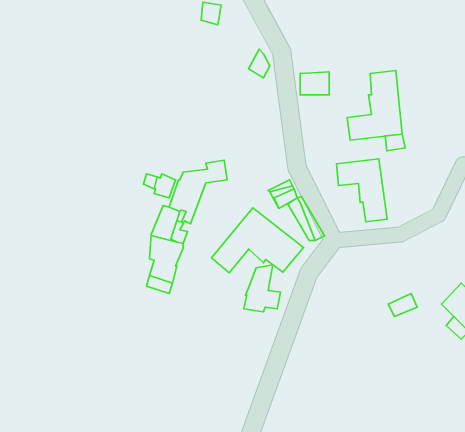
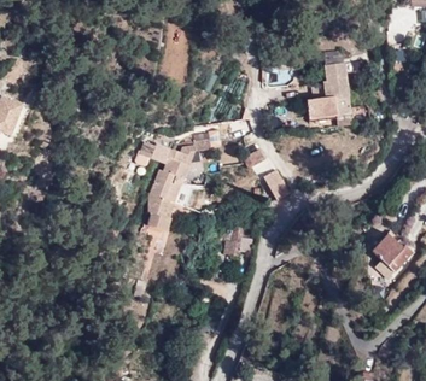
building: [336,159,387,222] -> none
building: [212,208,304,273] -> none

